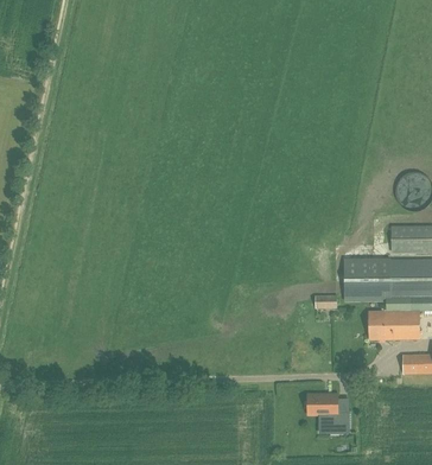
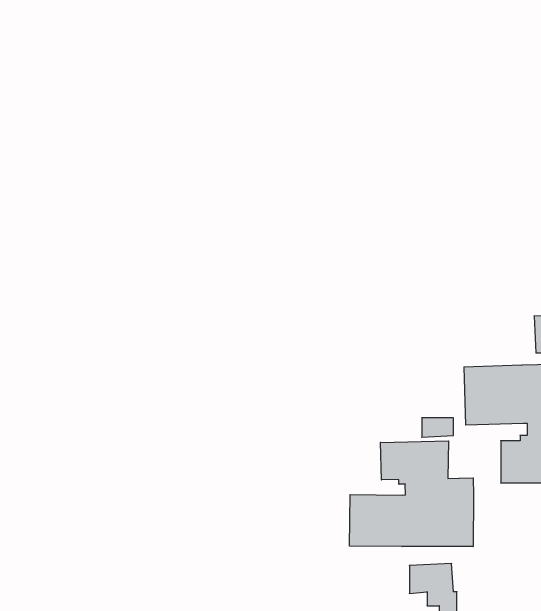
building: none -> [350,441,474,547]

